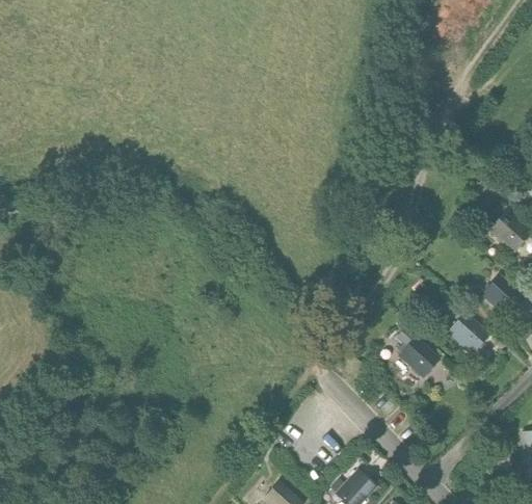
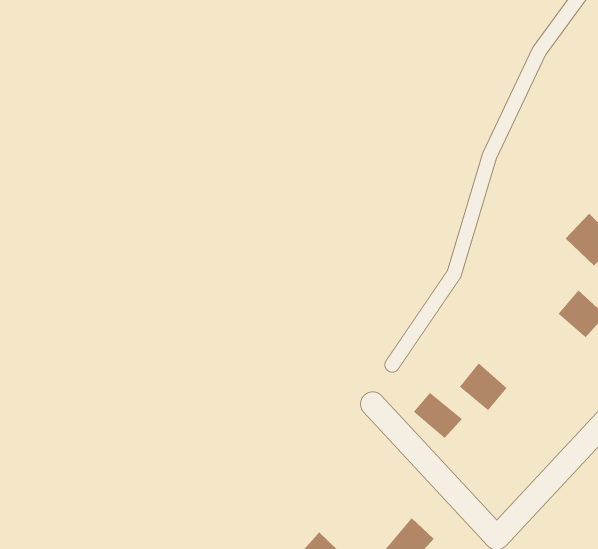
building: [446,313,488,353] -> none
building: none -> [413,392,463,439]

